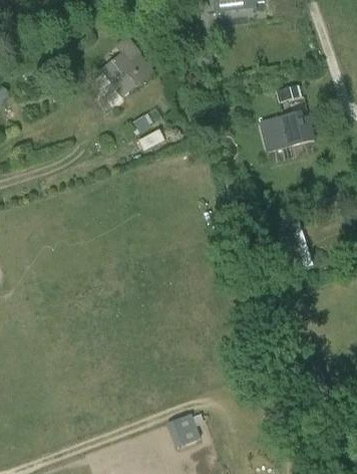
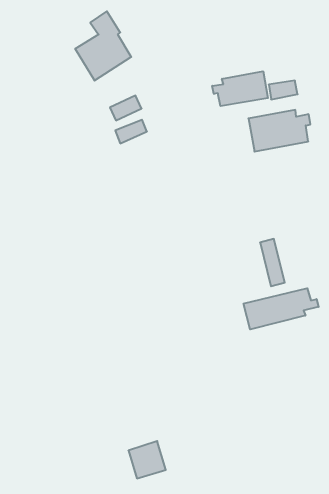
building: none -> [212,71,268,106]
building: none -> [244,288,319,329]

